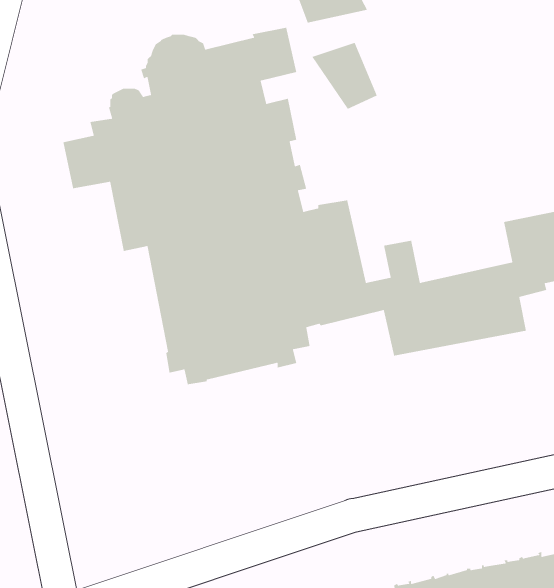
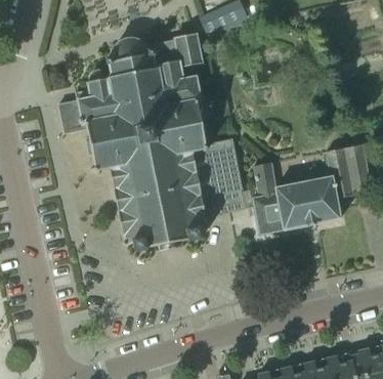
building: [311,42,378,110] -> none

